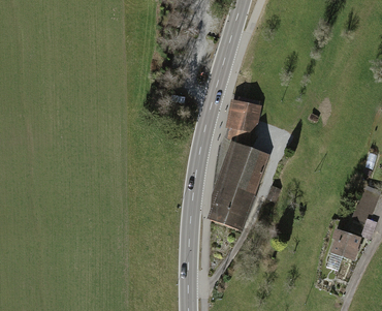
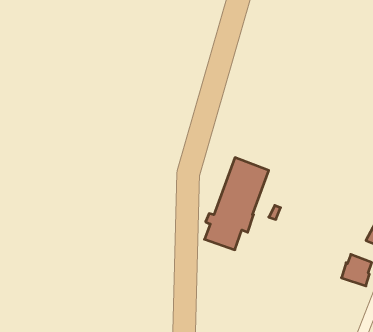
building: [228,98,258,138] -> none

